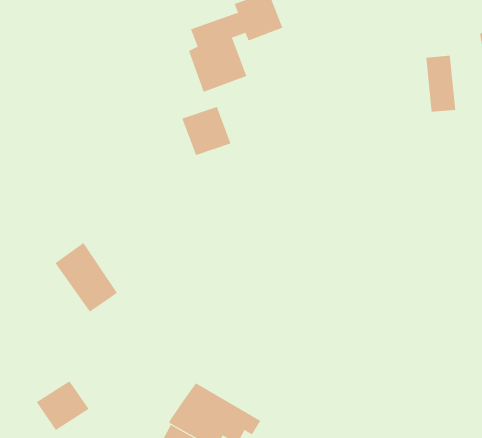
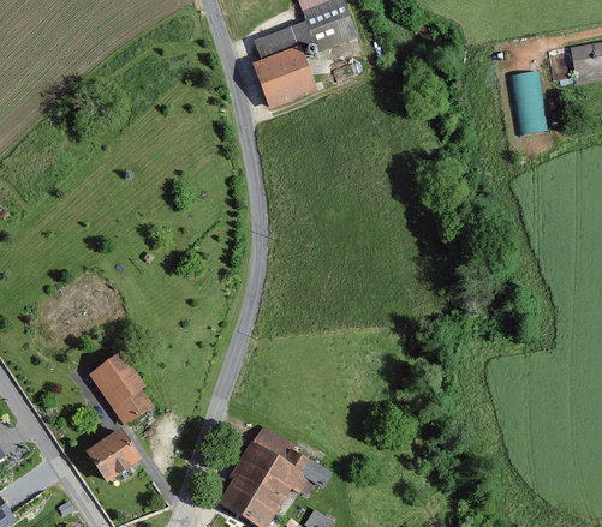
building: [181,106,231,156] -> none
building: [54,242,118,312] -> [88,352,157,429]

